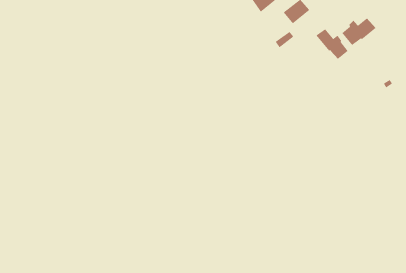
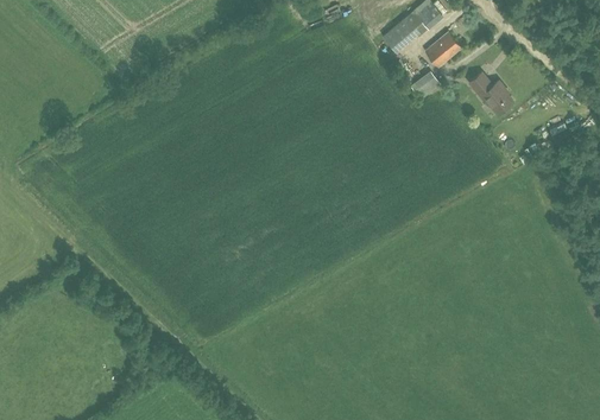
building: [342,17,377,46] -> none

